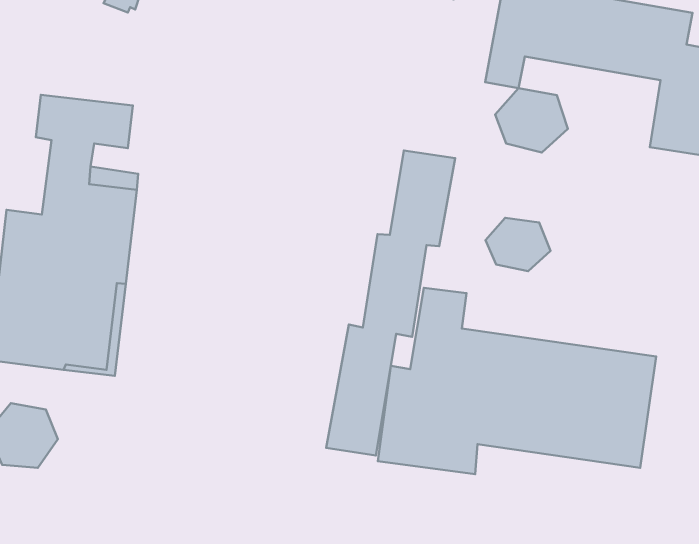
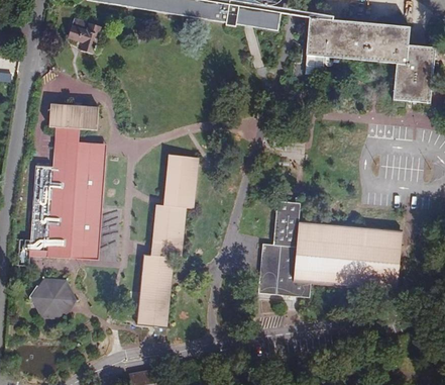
building: [495,88,568,153] -> none
building: [326,150,455,455] -> [137,152,197,325]
building: [485,218,550,271] -> none

